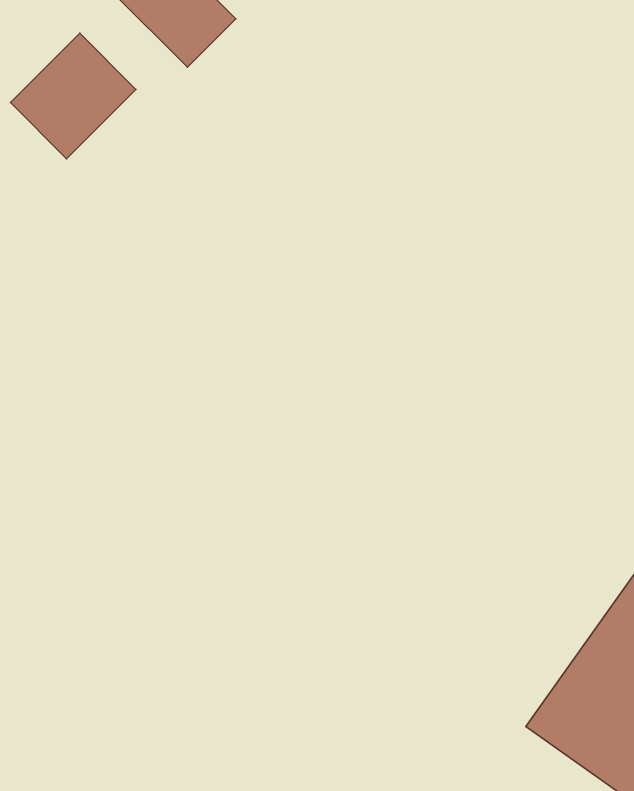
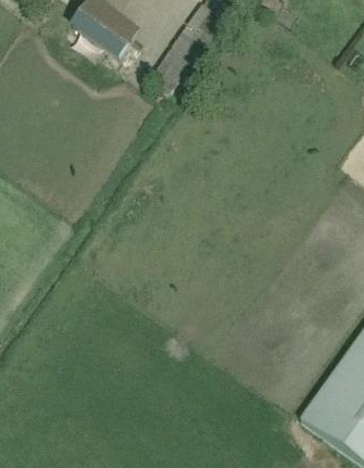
building: [10,33,136,159] -> none

